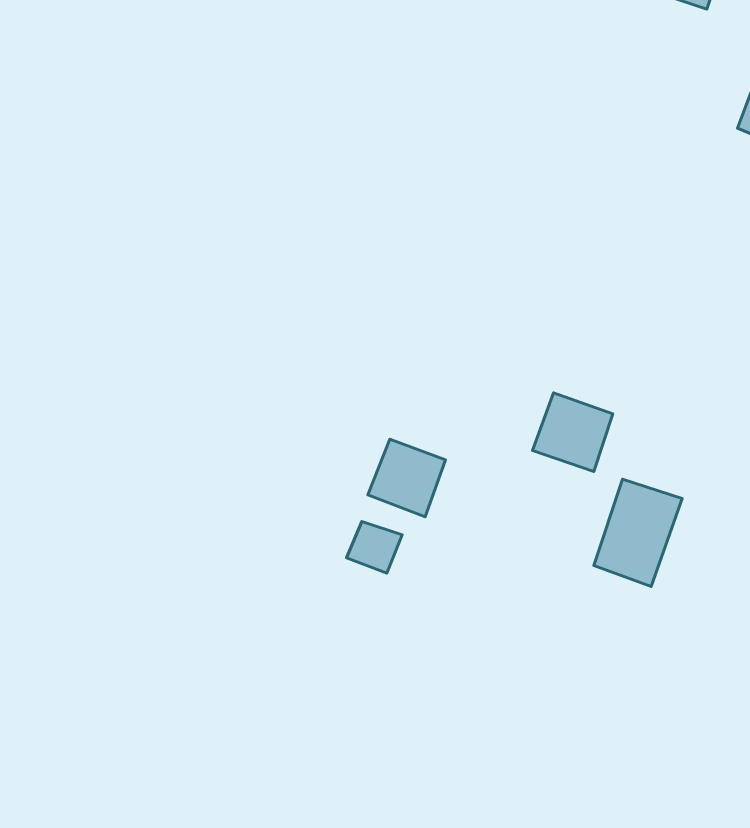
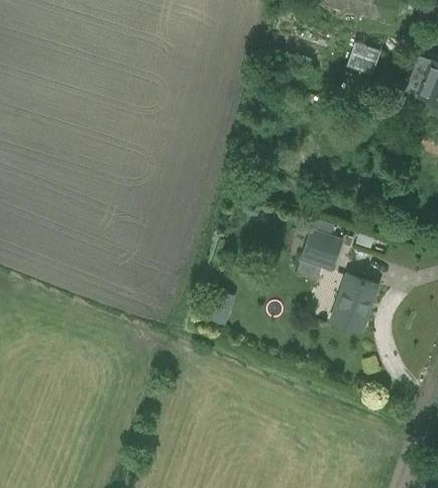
building: none -> [344,41,379,74]
building: [368,439,446,517] -> none

